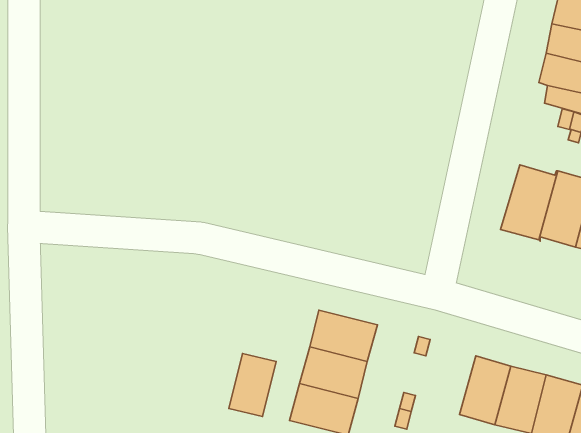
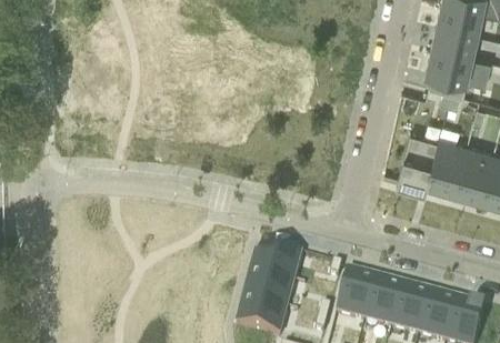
building: none -> [337,265,376,316]
building: [229,354,276,416] -> none

